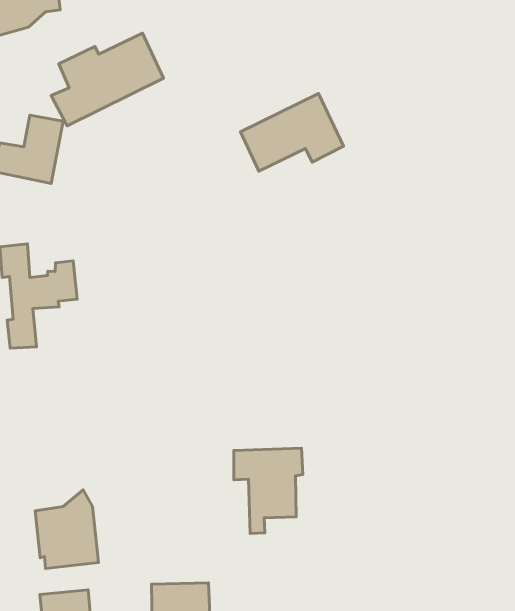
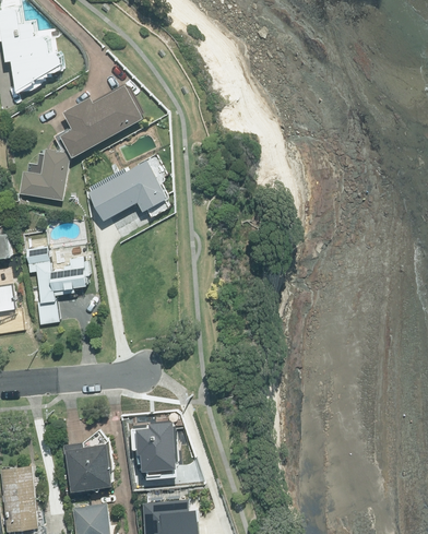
building: [240,94,344,171] -> [88,161,166,221]
building: [234,448,303,533] -> [129,430,181,496]

